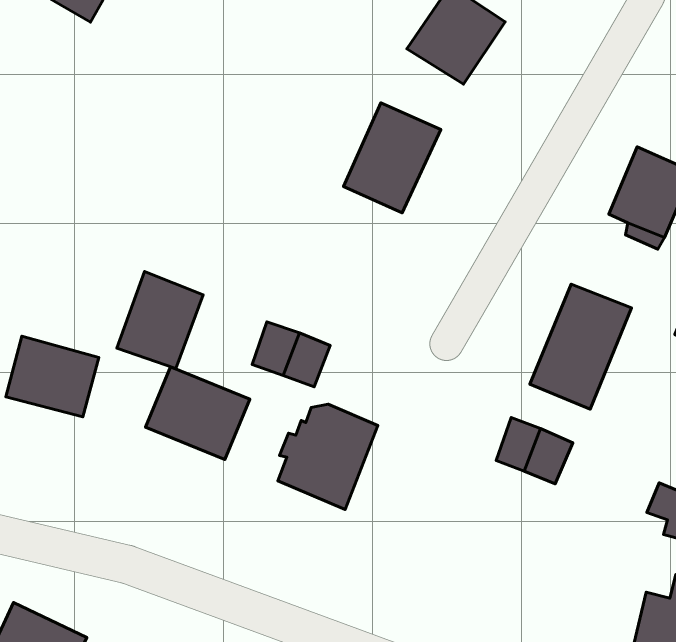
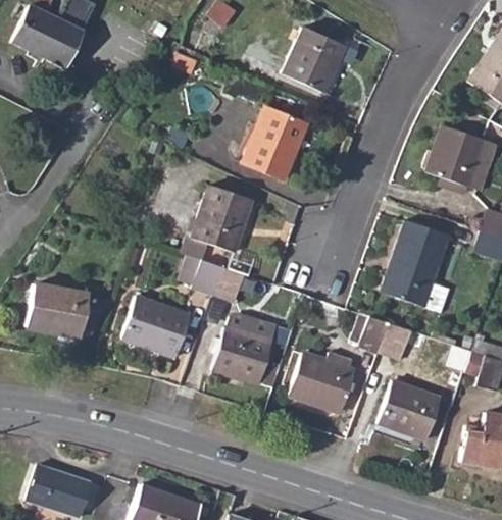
building: [117,272,203,369] -> [196,185,252,249]
building: none -> [292,353,359,412]
building: none -> [379,380,442,439]

